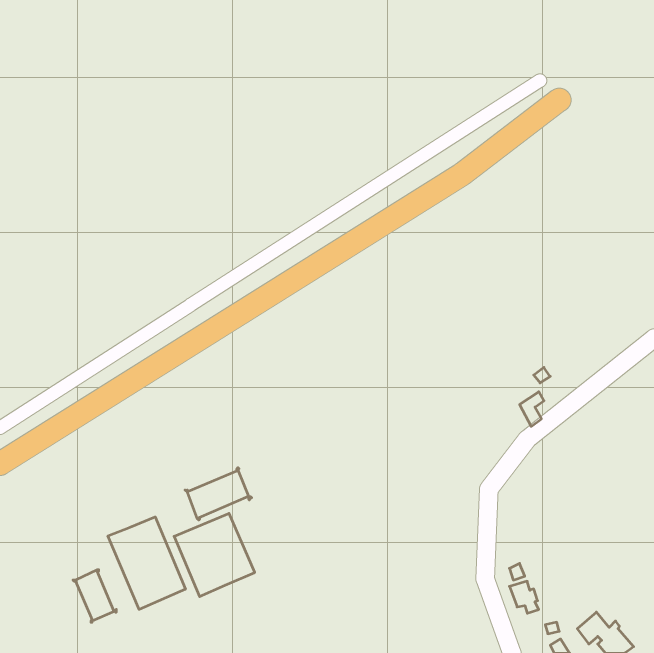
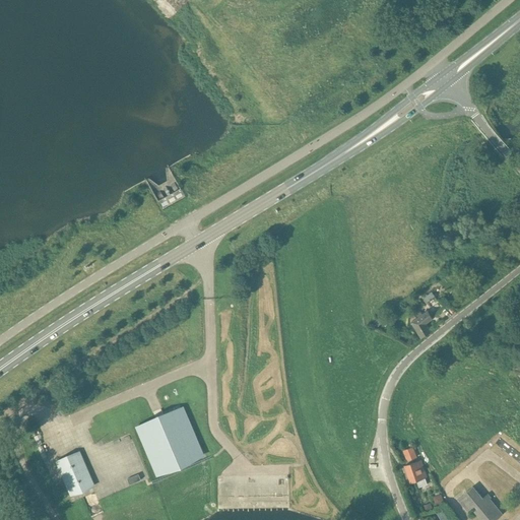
building: [185,468,252,520] -> none
building: [108,517,185,609] -> none

